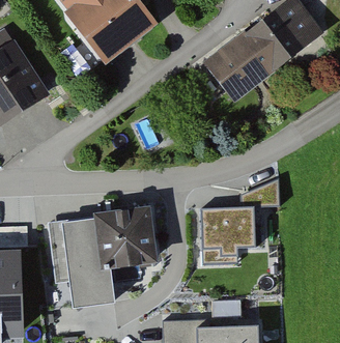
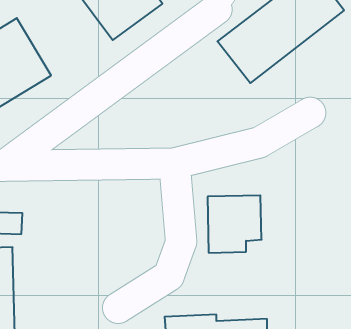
building: [45,213,153,305] -> none

